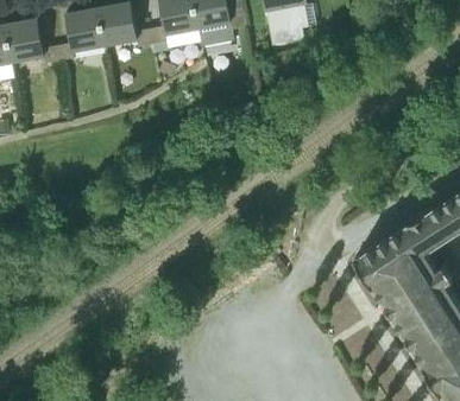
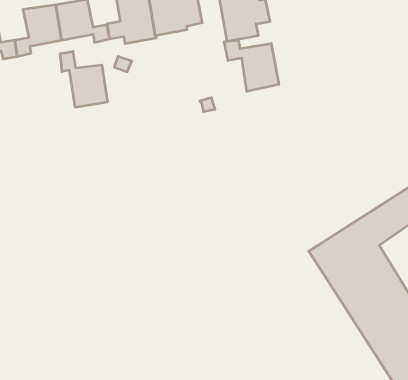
building: none -> [224,40,279,91]
building: none -> [60,51,107,107]

